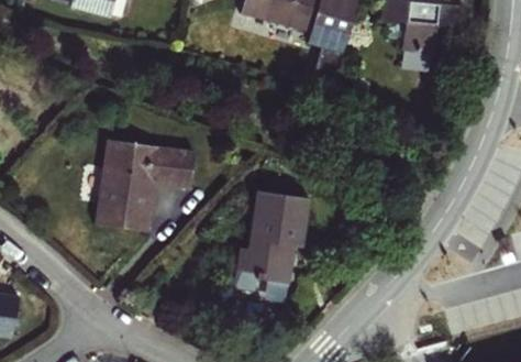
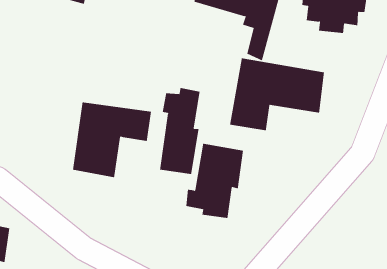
building: none -> [230,58,324,131]
building: none -> [160,87,200,175]

